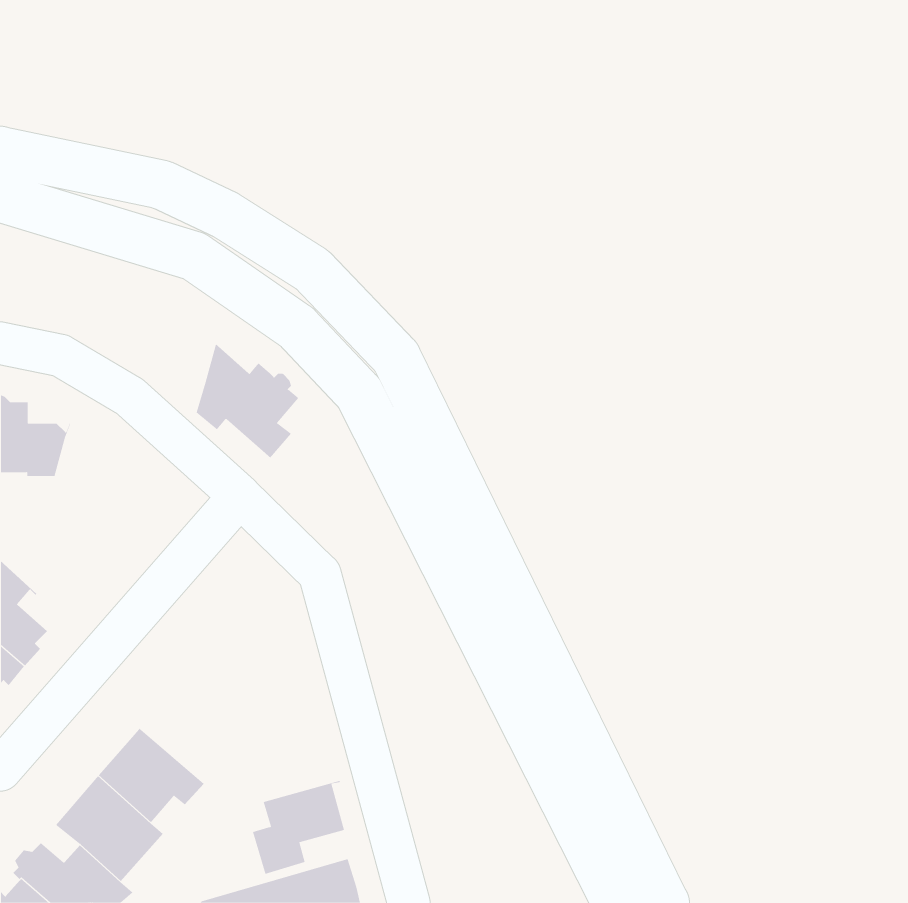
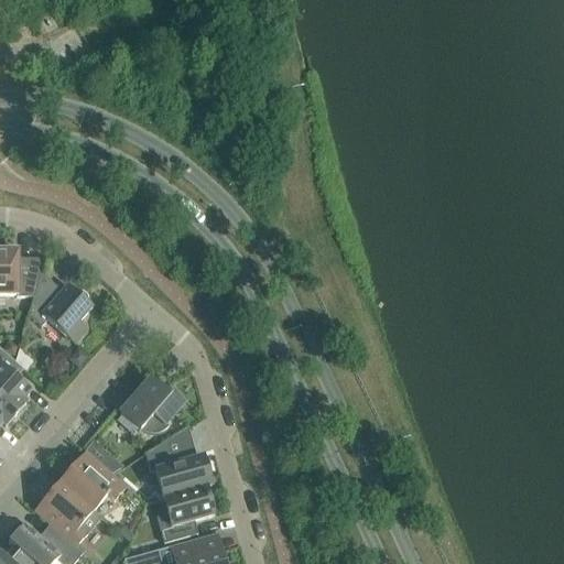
building: [196,343,299,459] -> [29,271,93,343]
building: none -> [120,378,184,433]
building: none -> [145,426,210,497]

